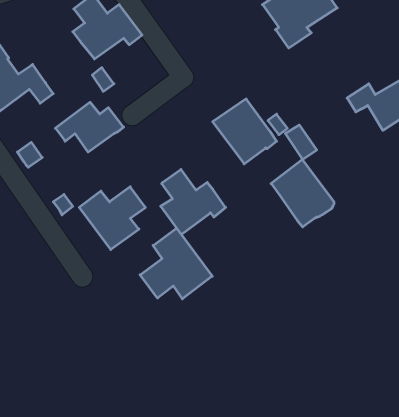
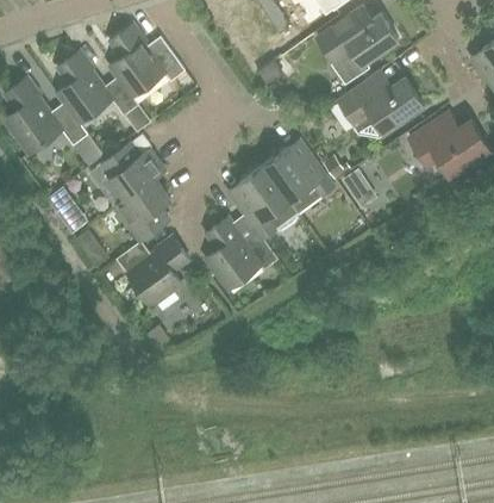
building: none -> [57,51,139,123]
building: none -> [338,76,426,136]
building: none -> [115,179,170,242]
building: [271,160,334,227] -> [229,166,298,240]
building: [140,228,212,299] -> none

